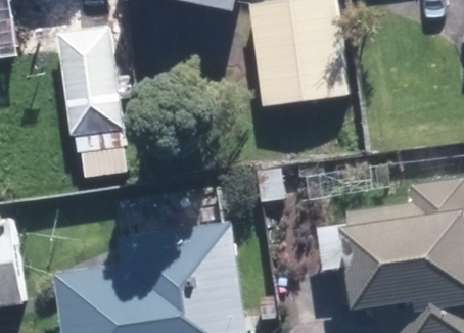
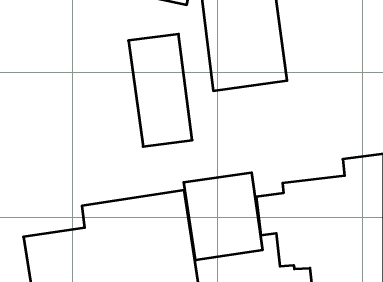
building: [55,28,127,153] -> [128,34,192,147]
building: none -> [184,173,262,260]

